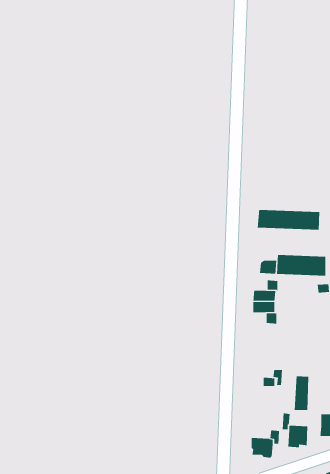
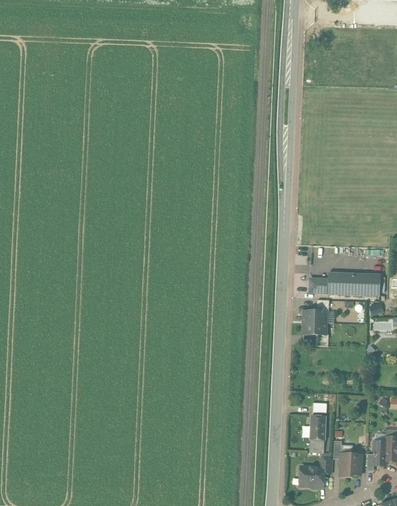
building: [257,209,320,231] -> none
building: [294,376,309,411] -> [309,415,325,452]

